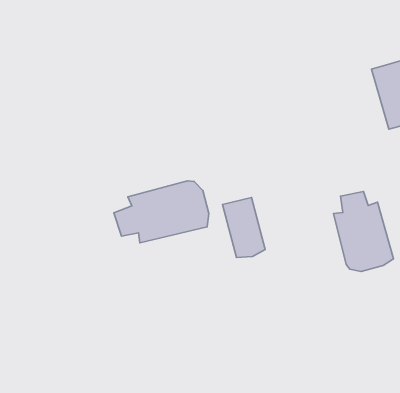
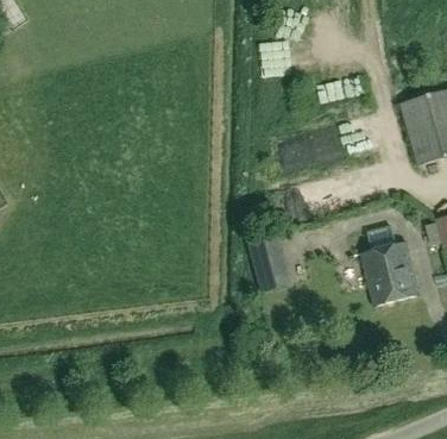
building: [114,181,209,243] -> none

